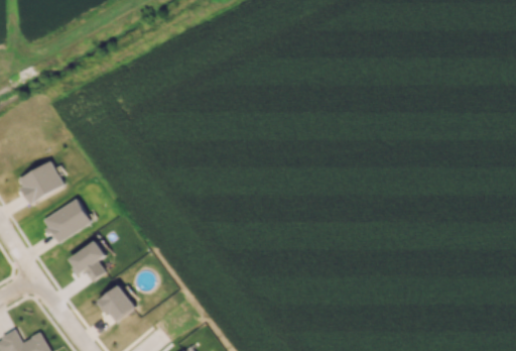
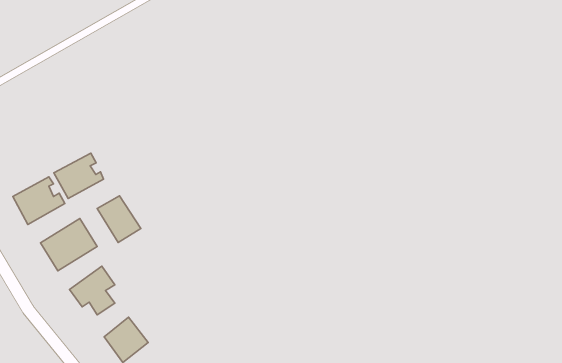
building: none -> [54,153,103,198]
building: none -> [97,196,141,243]

